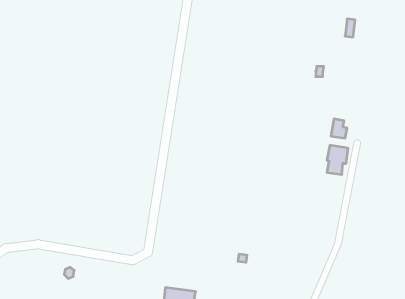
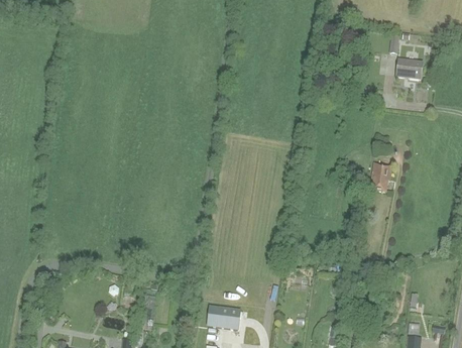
building: none -> [395,60,422,79]

